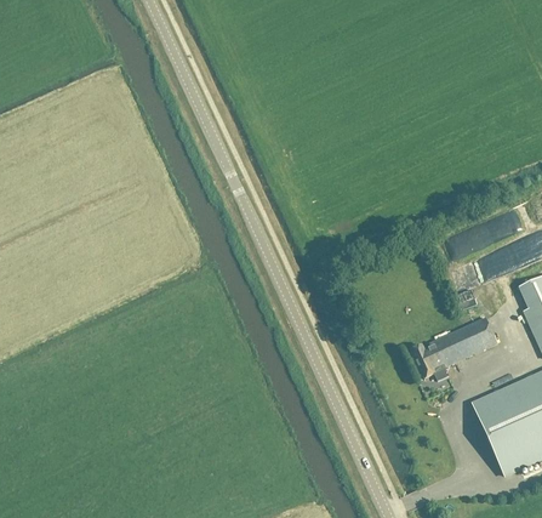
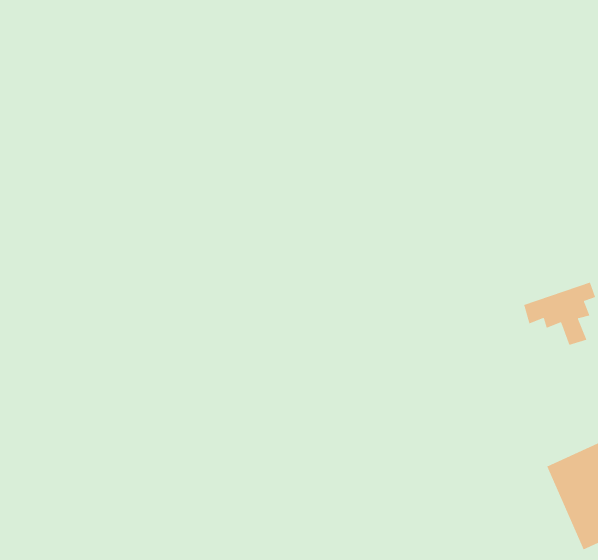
building: [410,317,497,378] -> none

